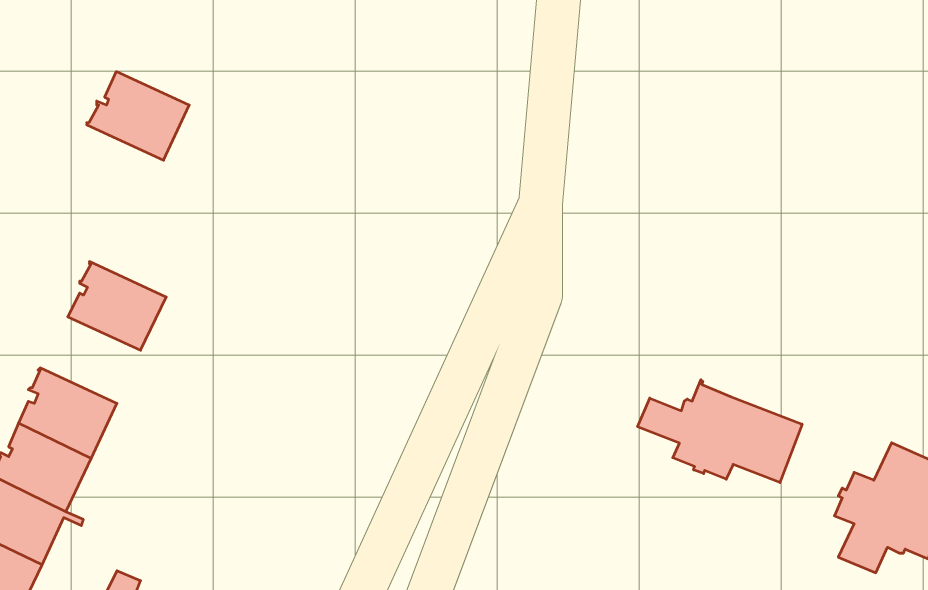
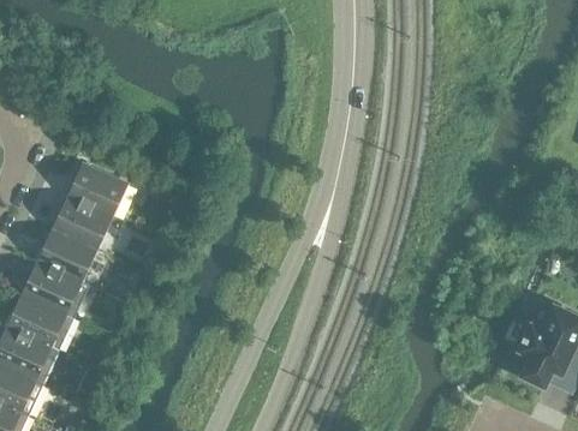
building: [87,72,189,160] -> [65,163,127,217]
building: none -> [35,229,96,282]
building: [638,380,802,483] -> none

